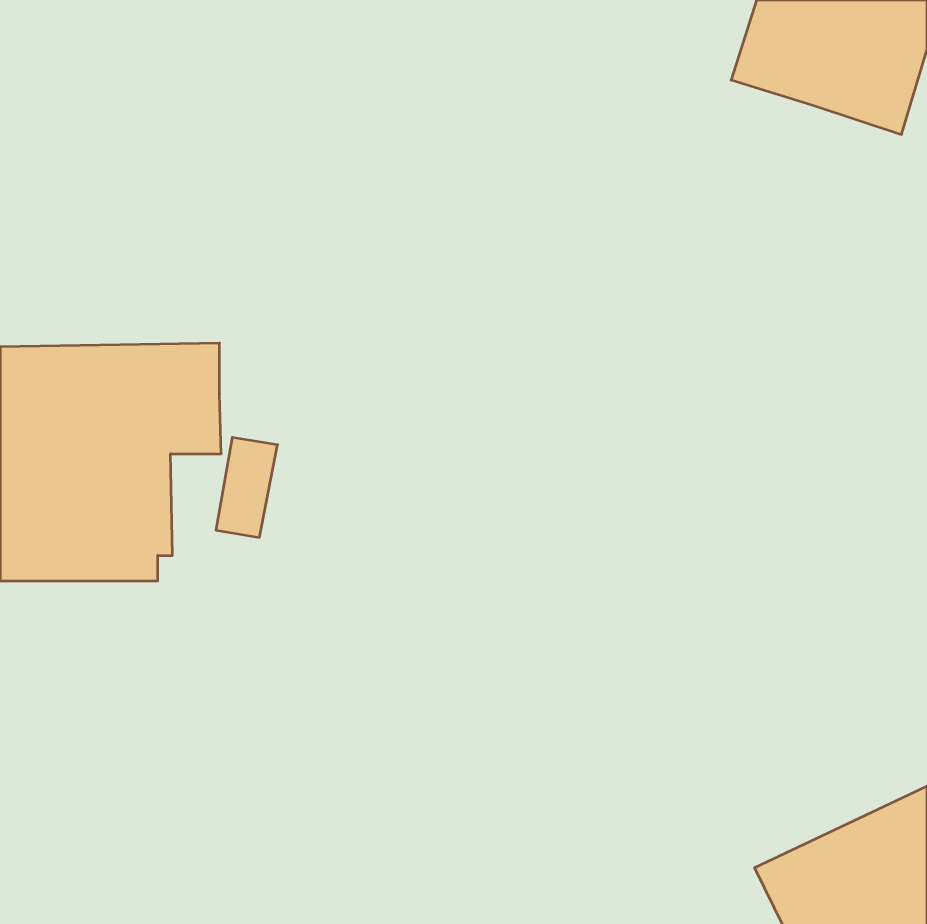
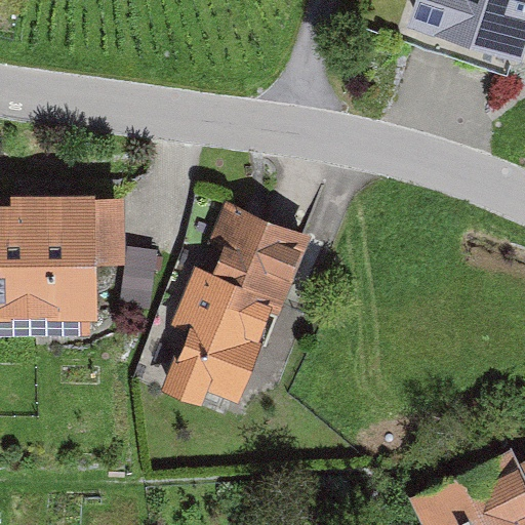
building: none -> [169,199,313,401]

